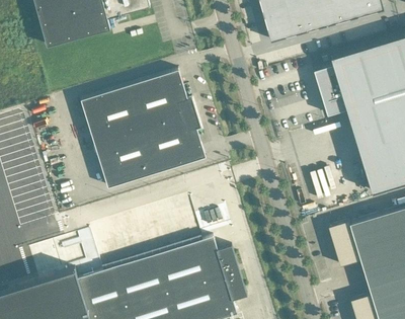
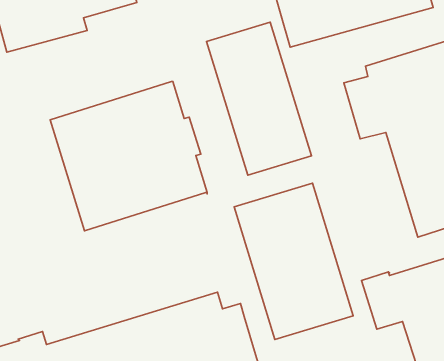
building: none -> [206,22,312,175]
building: none -> [234,183,353,340]

